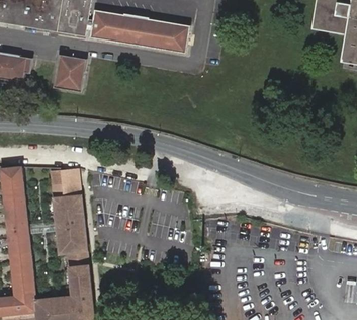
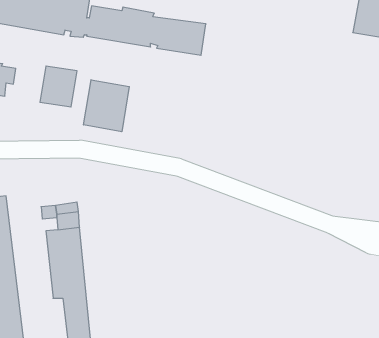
building: none -> [84,80,129,132]

